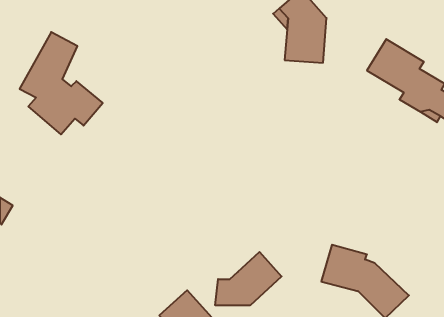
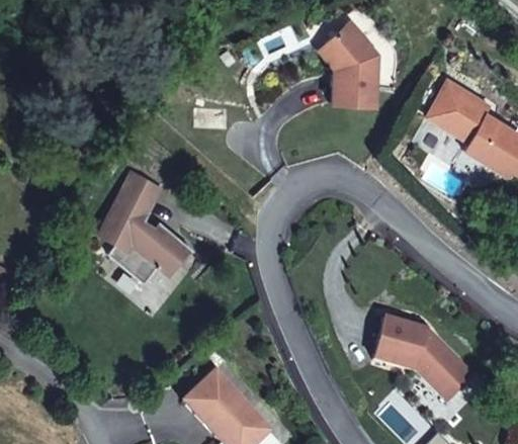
building: [20,32,103,134] -> [89,168,185,286]
building: [215,252,282,305] -> none

